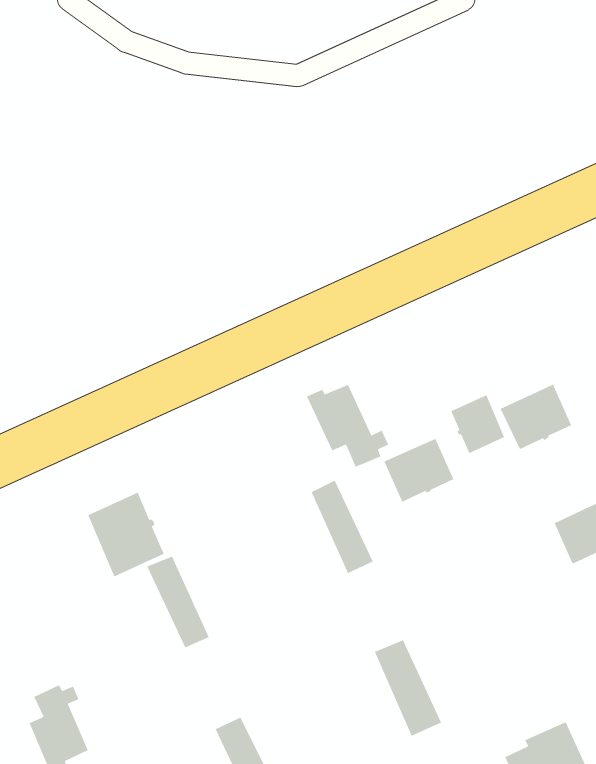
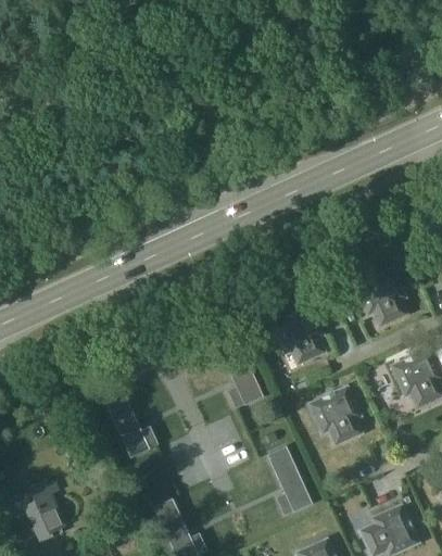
building: [306,384,389,468] -> none
building: [450,394,505,454] -> none
building: [87,492,165,577] -> none
building: none -> [308,390,359,437]

